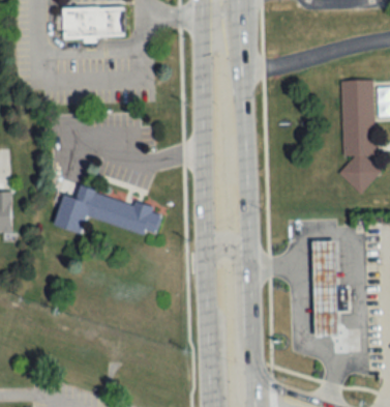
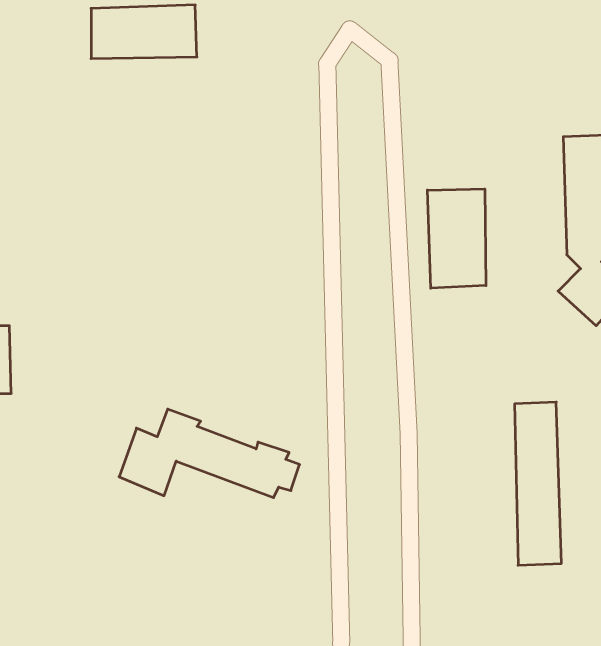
building: none -> [427,189,486,288]
building: [51,182,158,235] -> [119,409,300,498]

